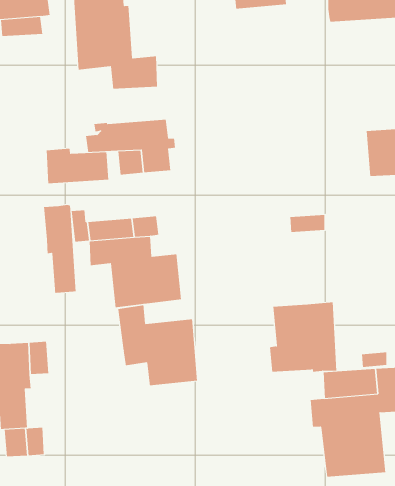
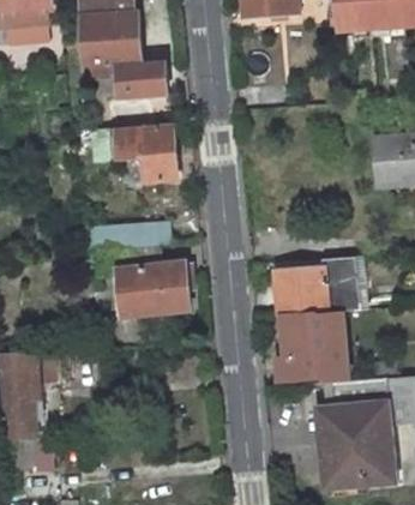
building: [46,148,109,184] -> none
building: [43,204,76,294] -> none
building: none -> [276,257,368,315]
building: [118,304,198,386] -> none

